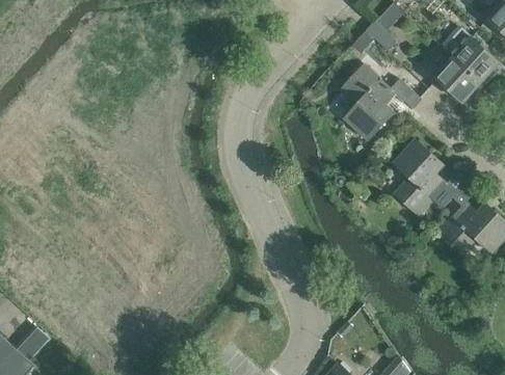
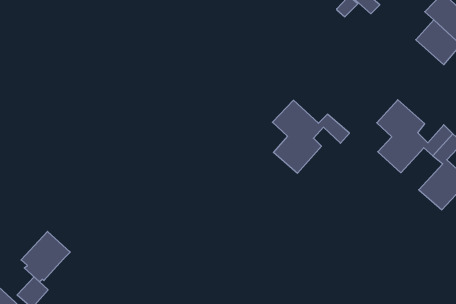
building: [342,65,422,141] -> [272,100,349,173]
building: none -> [21,231,70,282]

